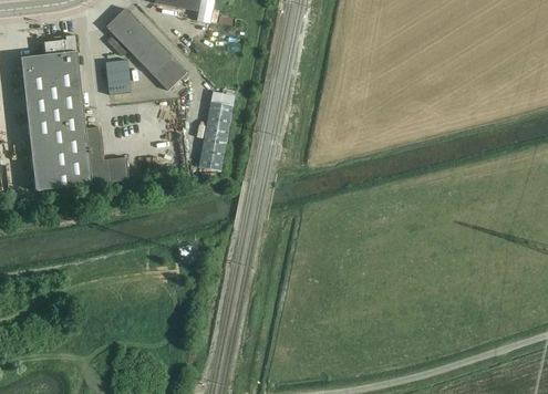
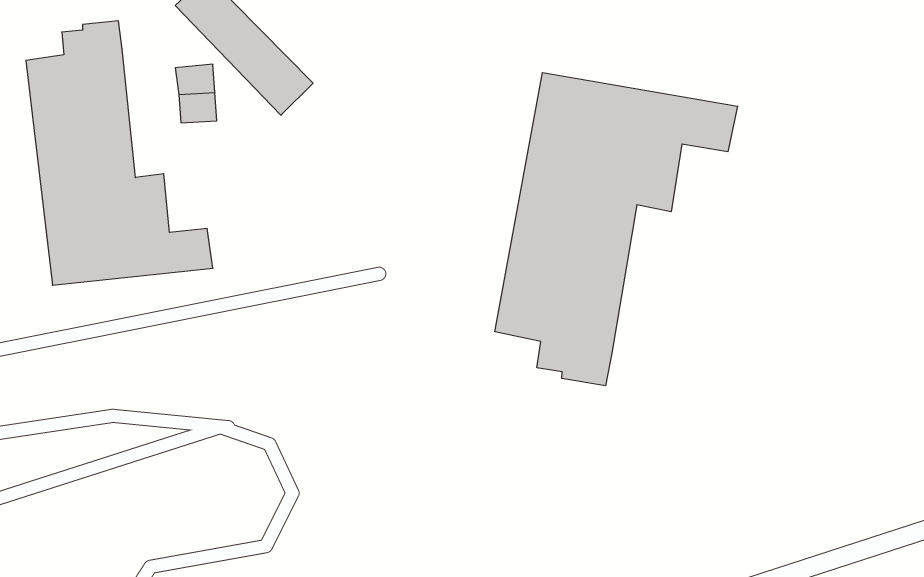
building: none -> [495,73,737,386]
building: [198,98,232,169] -> none

